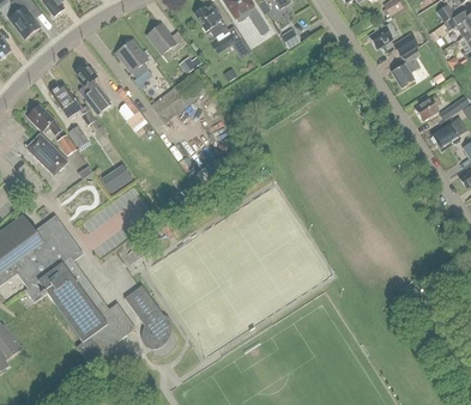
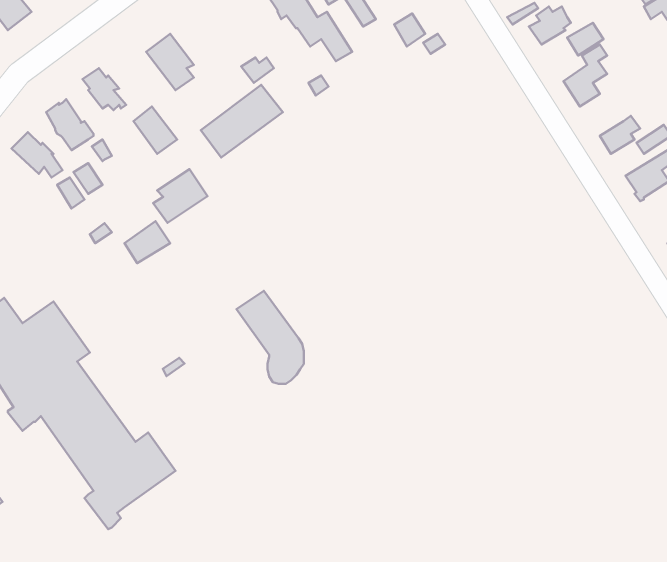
building: [147,23,186,53] -> none
building: none -> [153,169,207,223]
building: [25,132,68,175] -> none
building: [123,284,168,345] -> [237,291,304,384]

